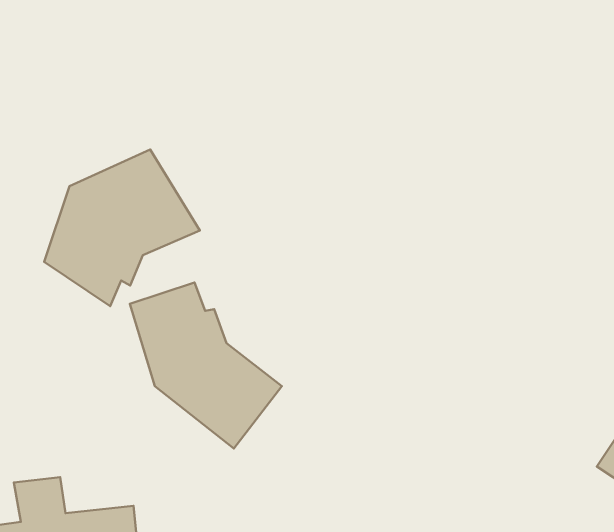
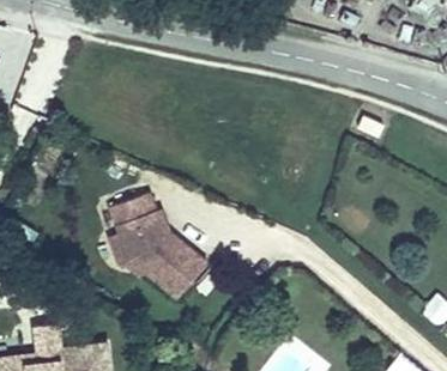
building: [44,149,200,306] -> none

